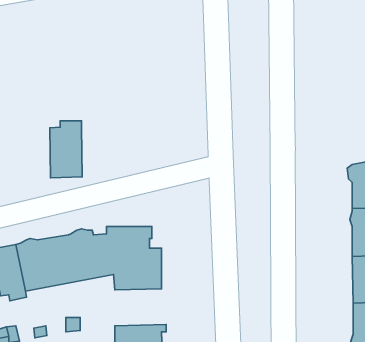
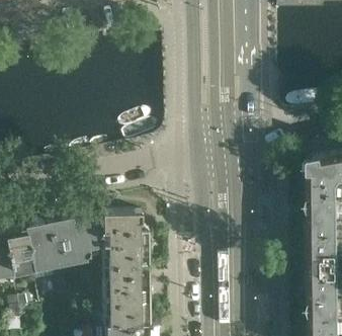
building: [50,121,82,178] -> none
building: none -> [107,266,151,298]

